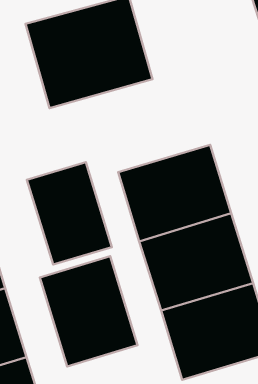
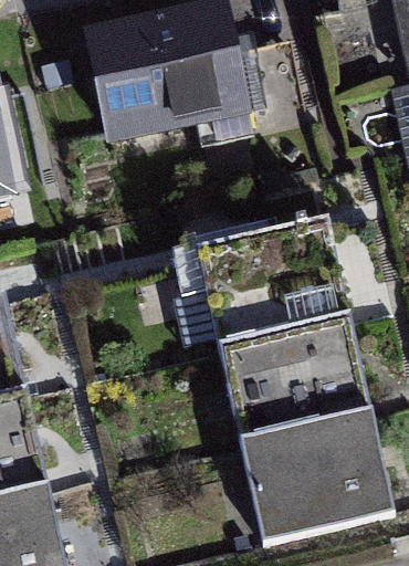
building: [27,162,112,264] -> none
building: [40,256,138,366] -> none

